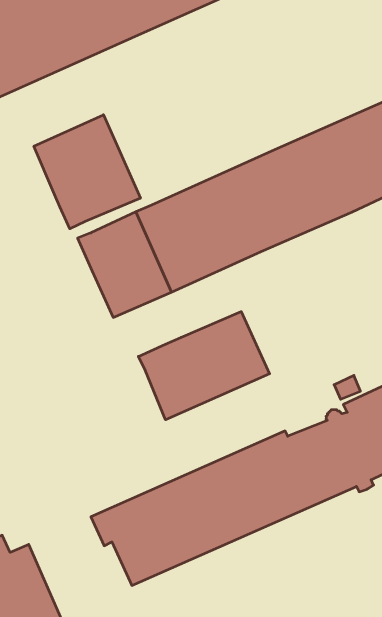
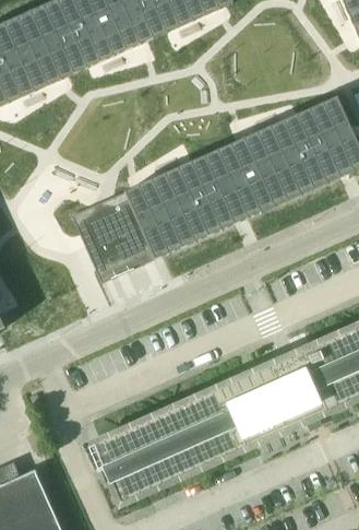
building: [34,115,140,229] -> none
building: [138,312,270,420] -> none

